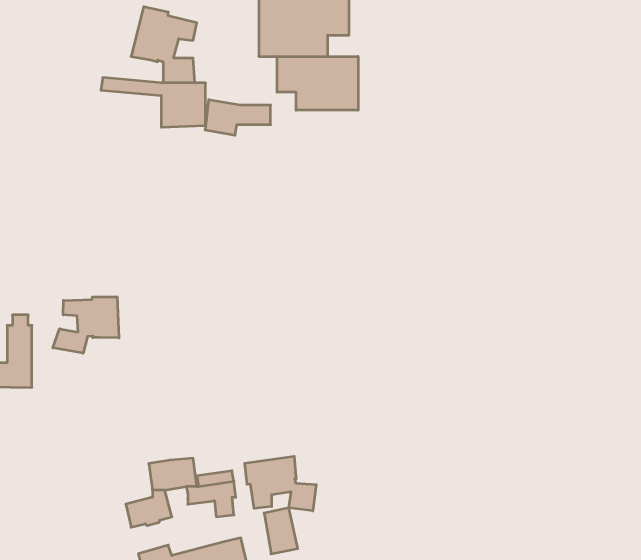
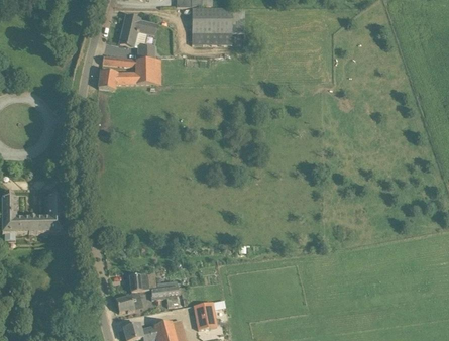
building: [277,56,358,110] -> none
building: [205,100,271,135] -> [98,71,135,91]
building: [53,297,119,353] -> none
building: [245,456,316,511] -> none

